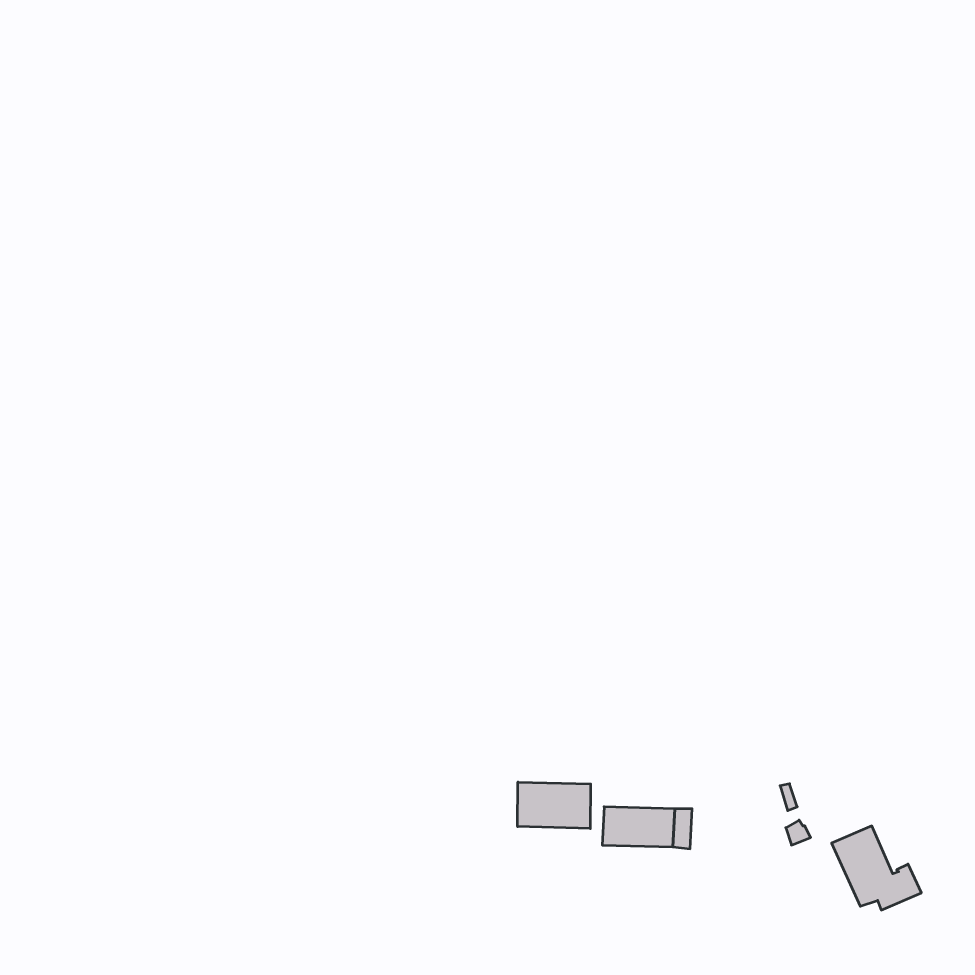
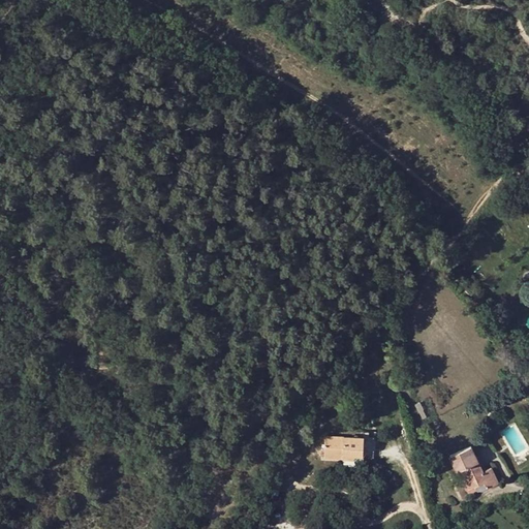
building: [518,782,591,829] -> none

